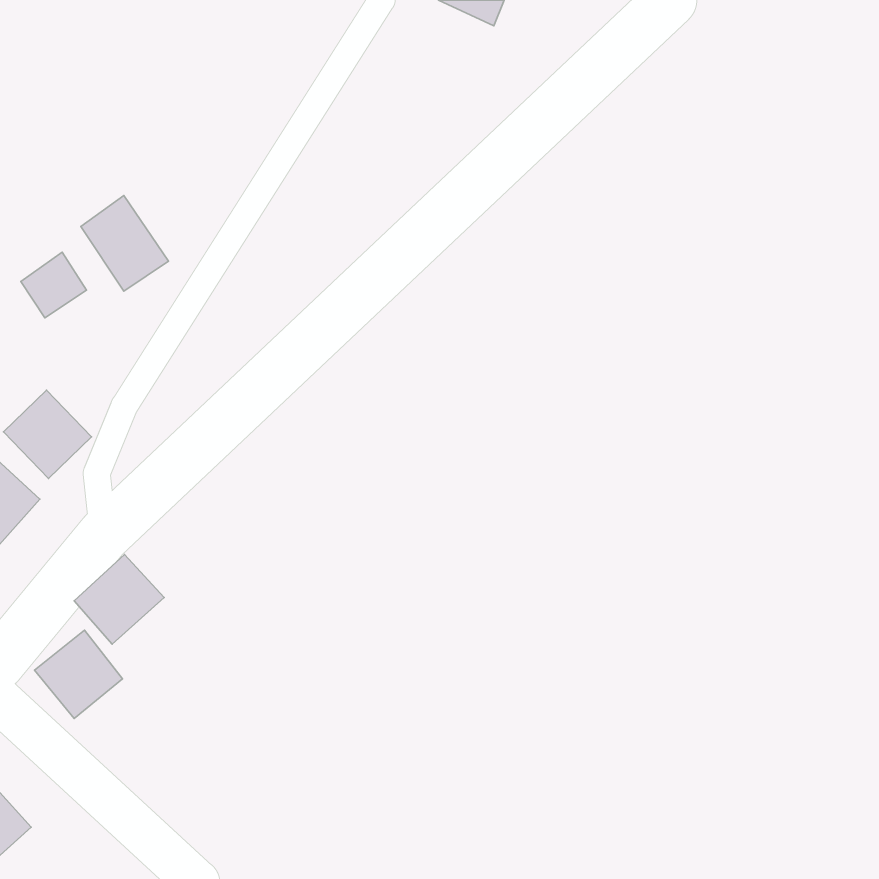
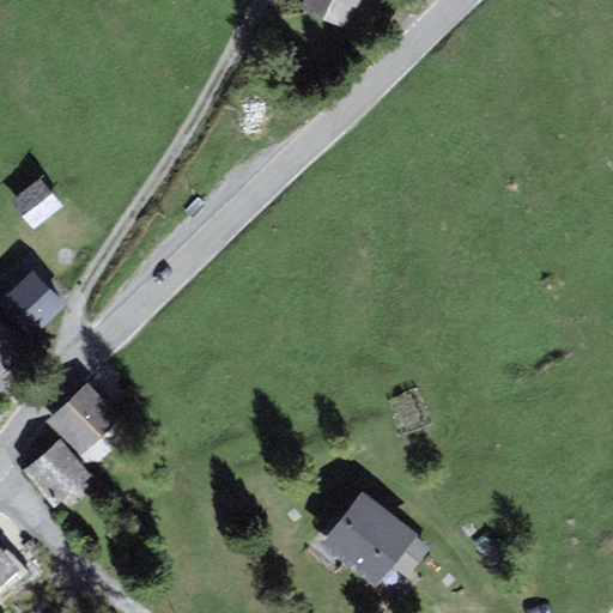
building: [81,196,169,291] -> none
building: none -> [326,492,425,577]

